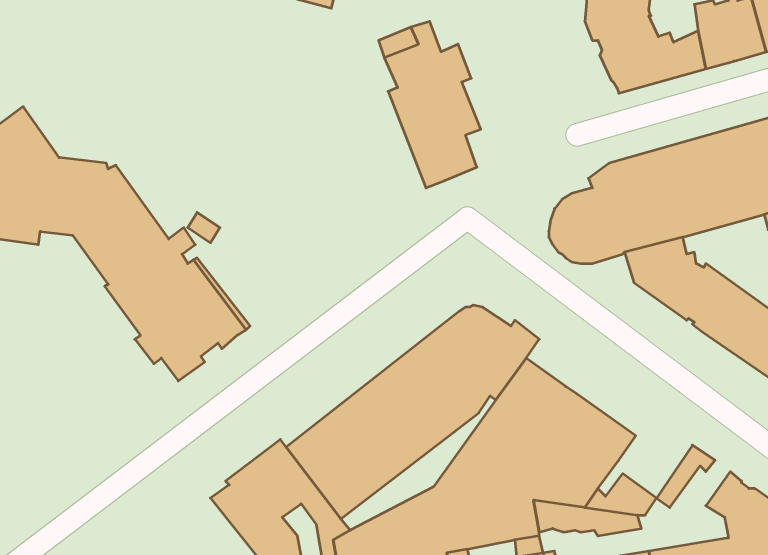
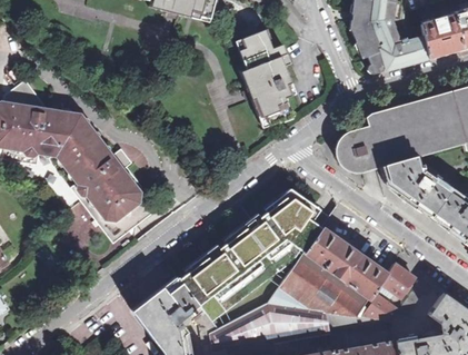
building: none -> [377,264,416,298]

